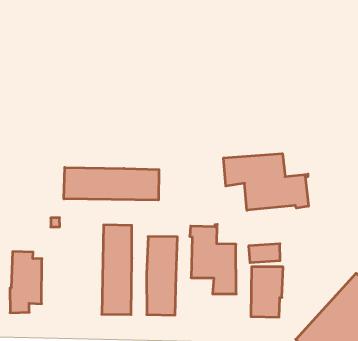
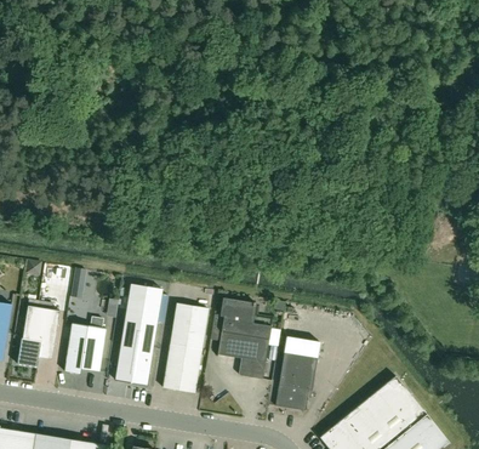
building: [224,154,308,210] -> none
building: [64,167,159,200] -> none
building: none -> [64,323,106,374]

